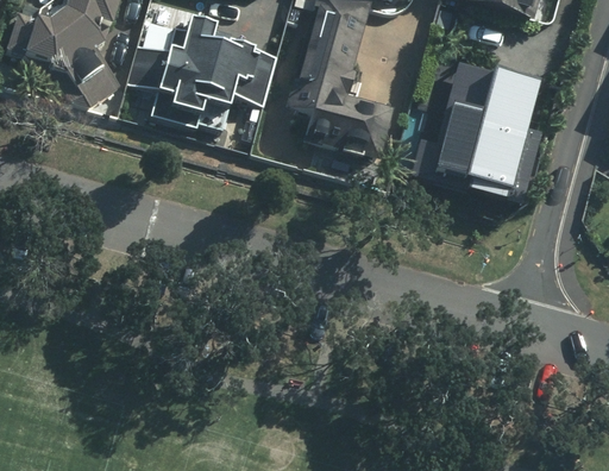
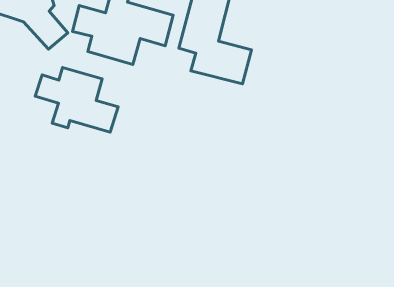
building: [410,67,542,203] -> none
building: none -> [35,68,118,132]

